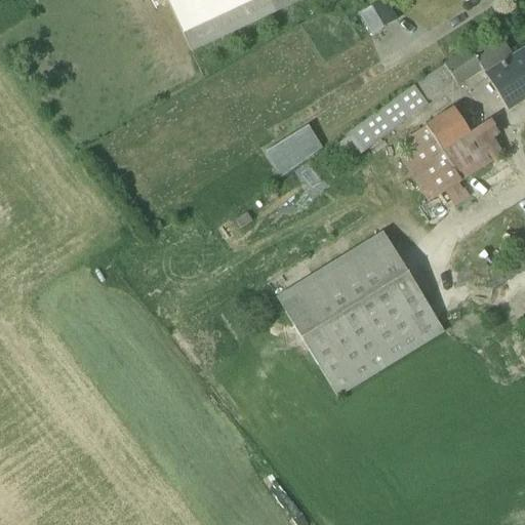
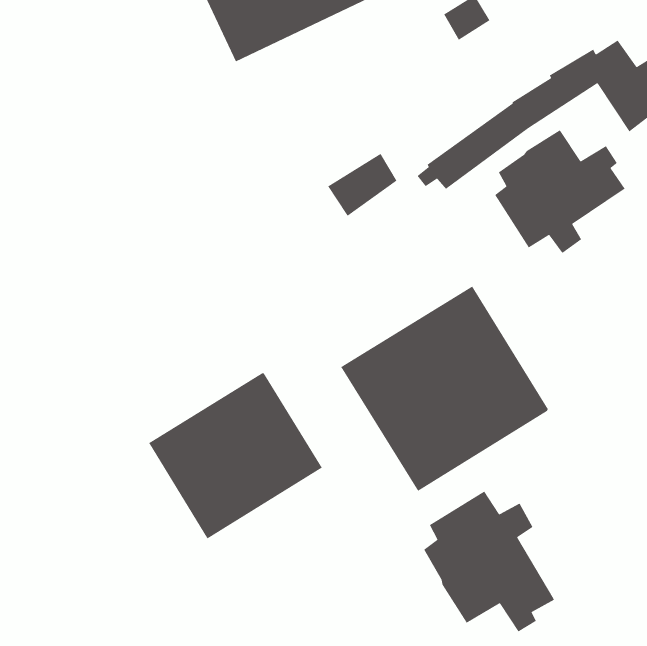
building: none -> [148,373,323,539]
building: none -> [423,490,555,632]

